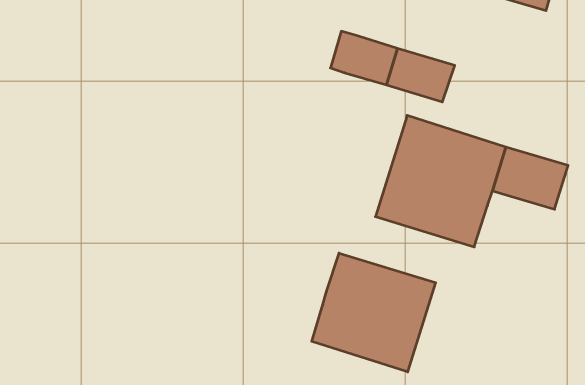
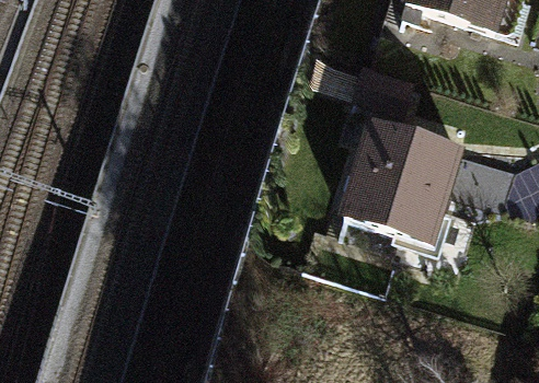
building: [312,253,436,372] -> none

